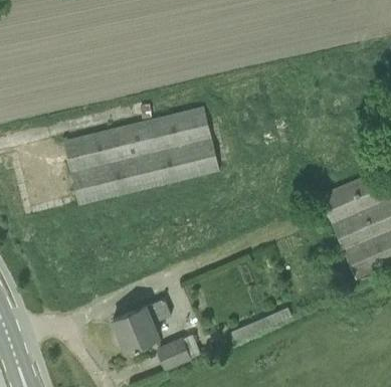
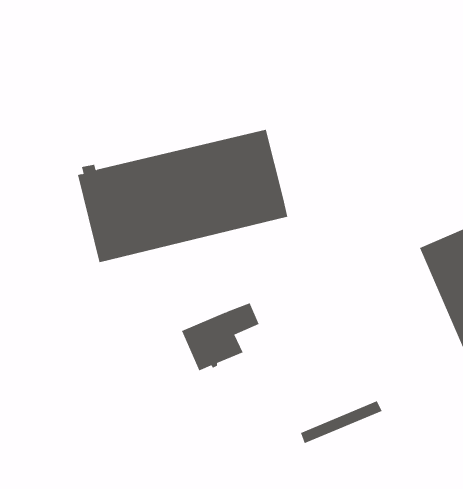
building: [114,300,172,351] -> [181,302,260,371]
building: [158,340,190,369] -> none

